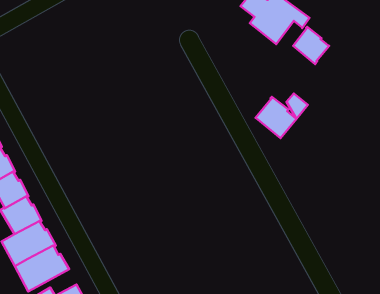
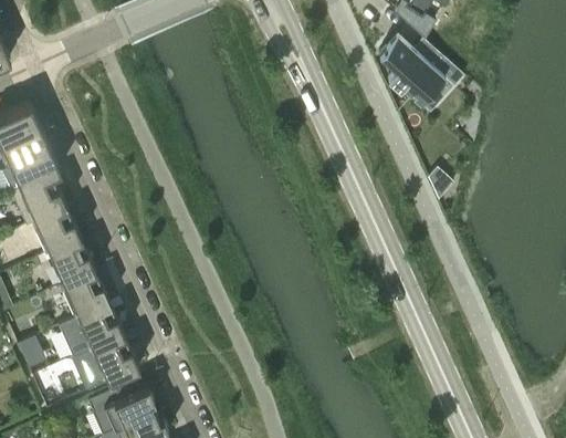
building: [293,27,329,64] -> none
building: [255,97,297,138] -> none

